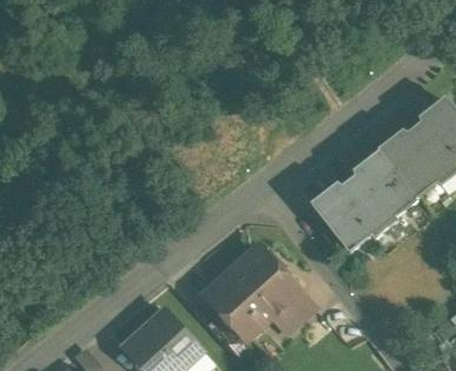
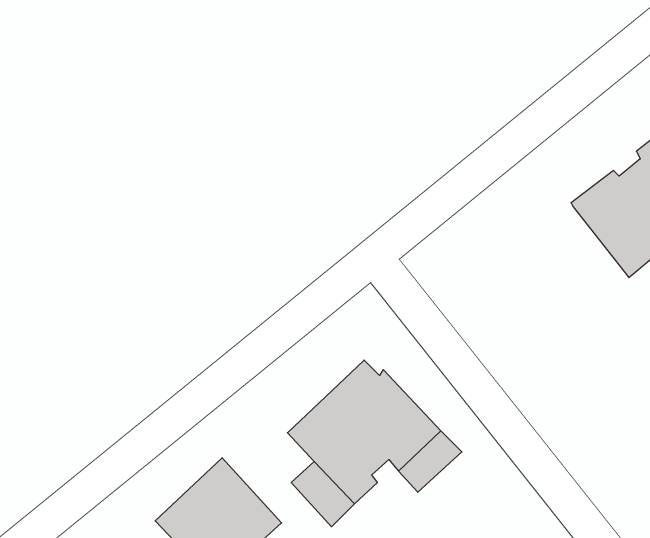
building: [314,153,417,250] -> none

